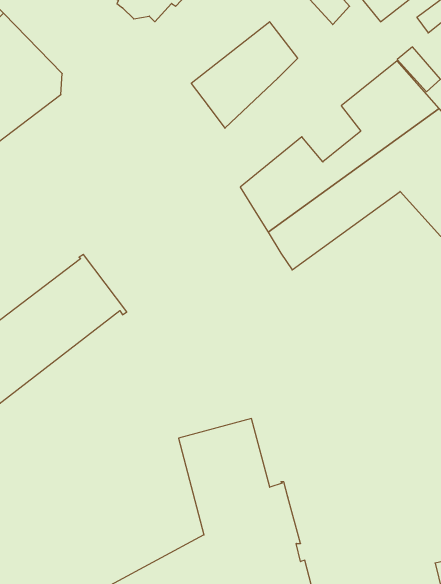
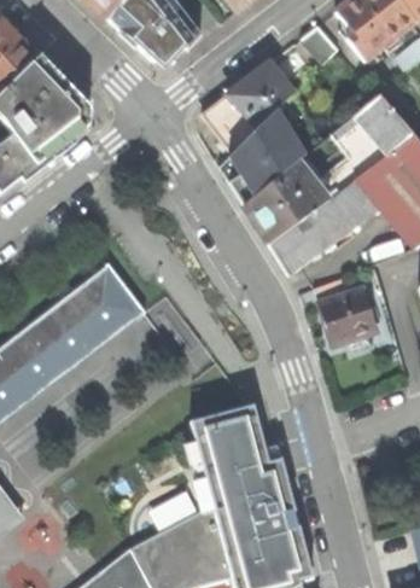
building: none -> [220,110,304,204]
building: none -> [314,275,377,345]

